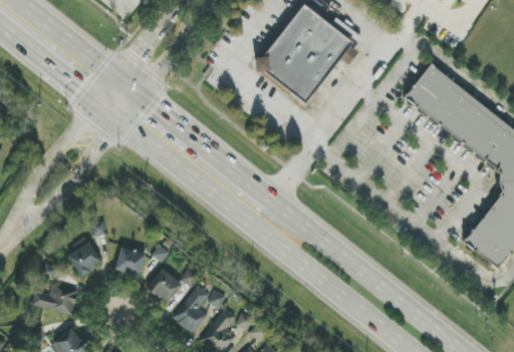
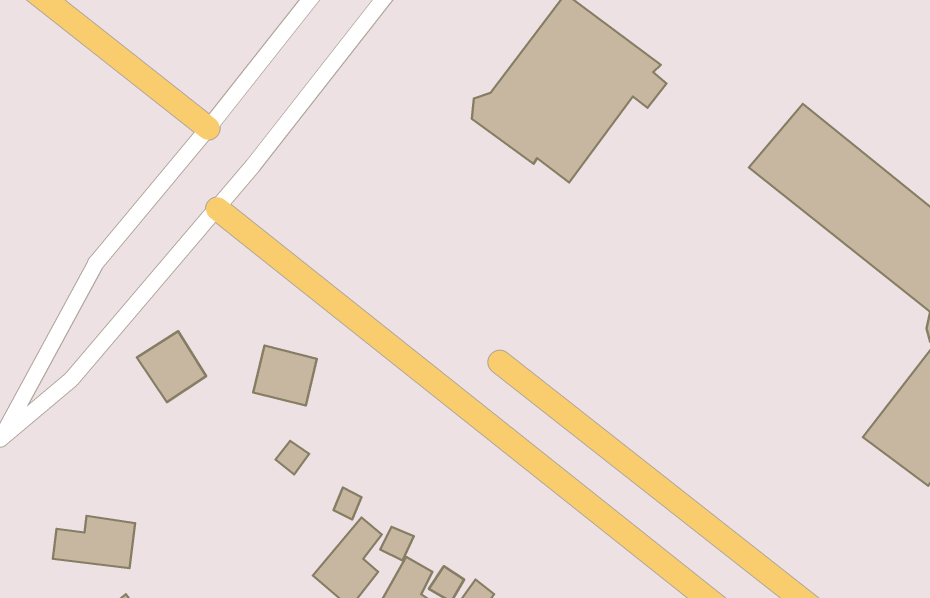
building: [64,238,101,276] -> [137,331,206,402]
building: [114,245,149,277] -> [253,346,317,405]
building: [147,268,182,303] -> none

